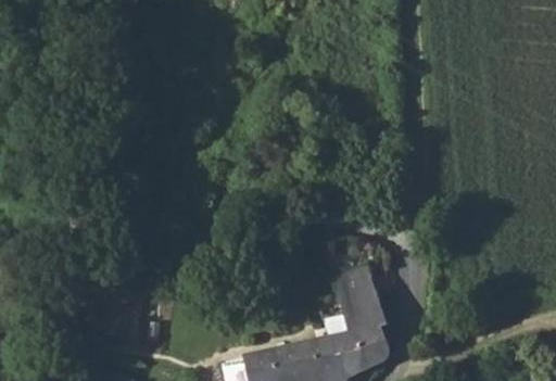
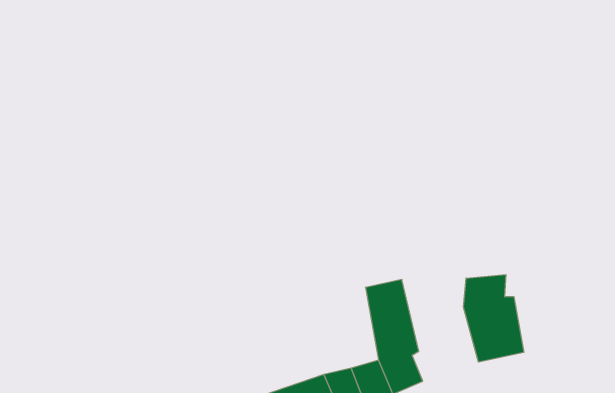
building: none -> [463,275,524,362]

